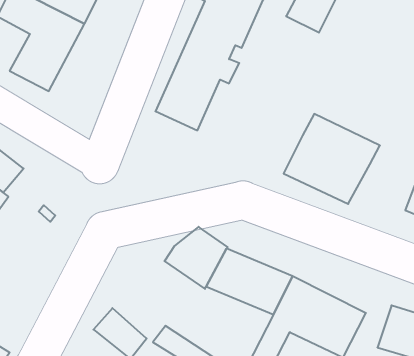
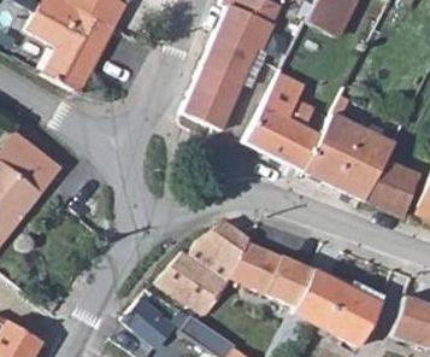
building: none -> [245,71,322,170]
building: none -> [365,162,420,216]
building: none -> [157,251,231,315]

